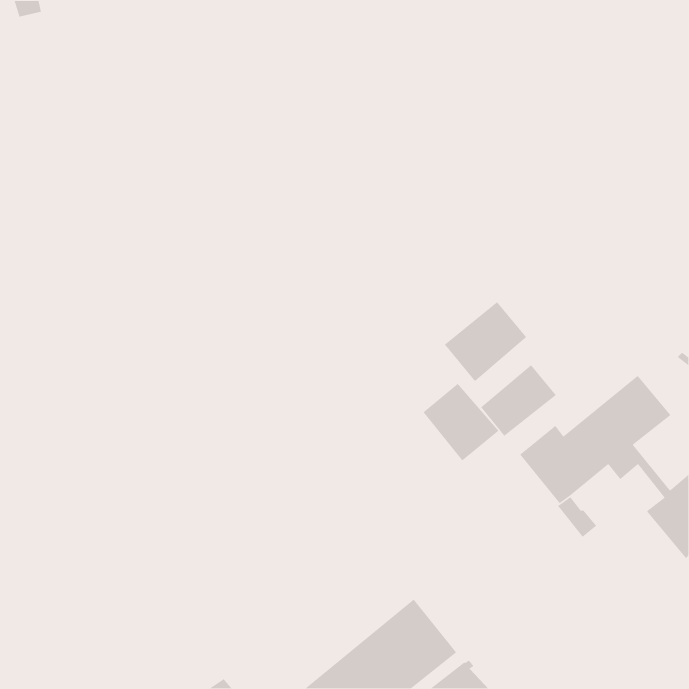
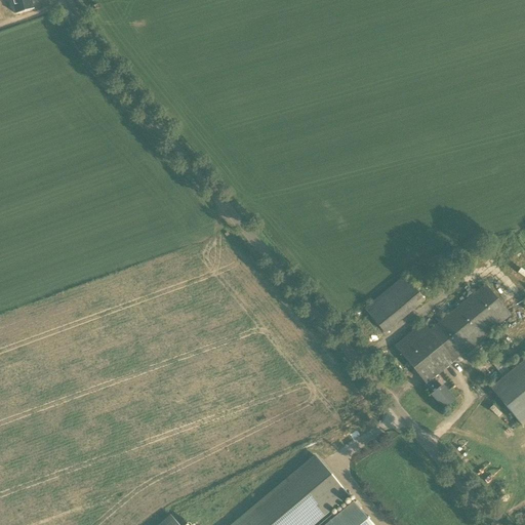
building: [444,301,527,382] -> none
building: [422,383,499,462] -> none

